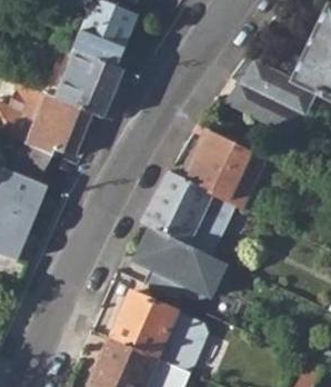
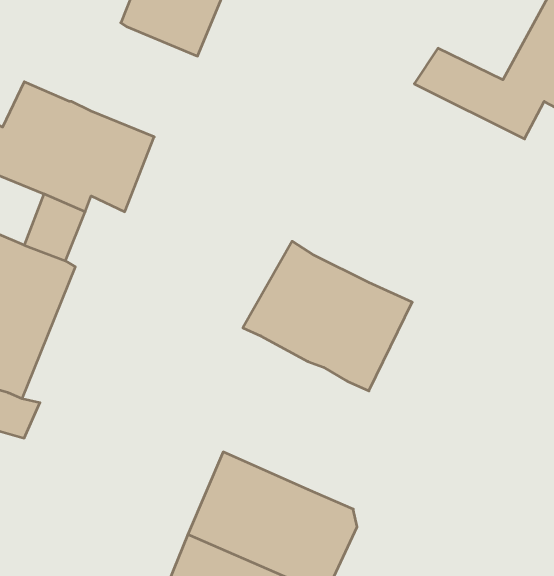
building: [44,44,123,115] -> none
building: [223,81,300,136] -> none
building: [181,129,265,207] -> none
building: [134,224,230,300] -> none

